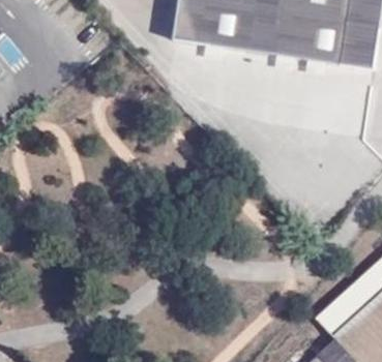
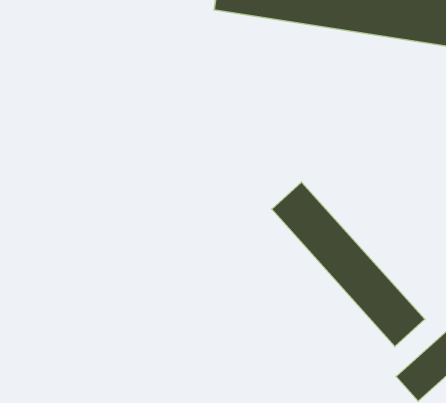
building: none -> [272,182,425,346]

